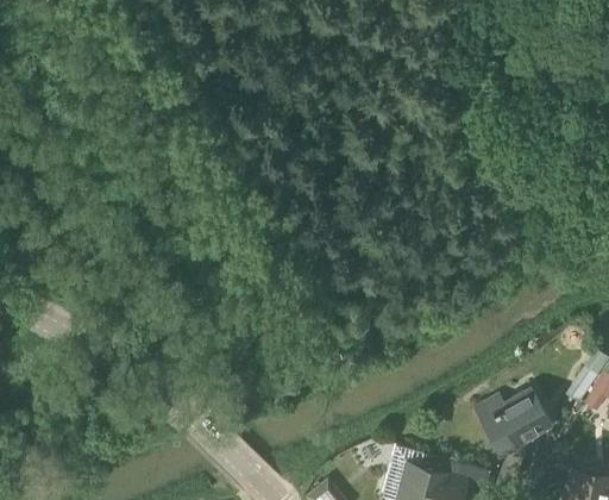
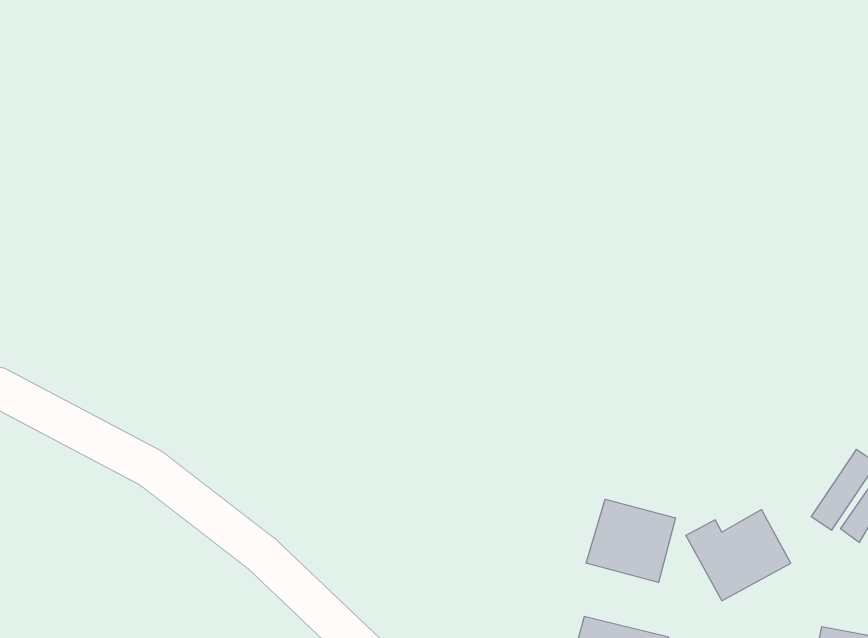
building: none -> [586,499,676,583]

